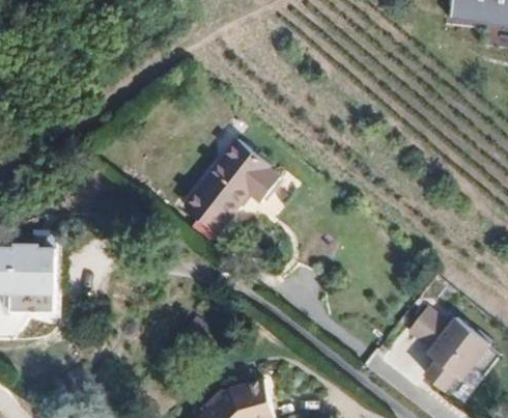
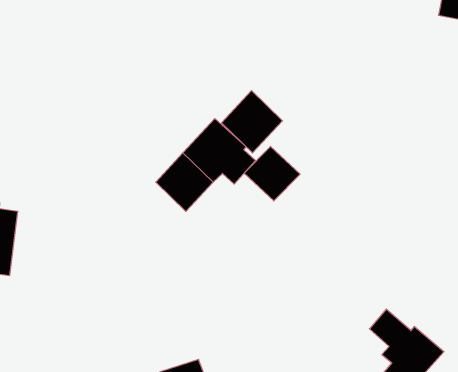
building: none -> [222,91,282,153]
building: none -> [244,146,300,201]

